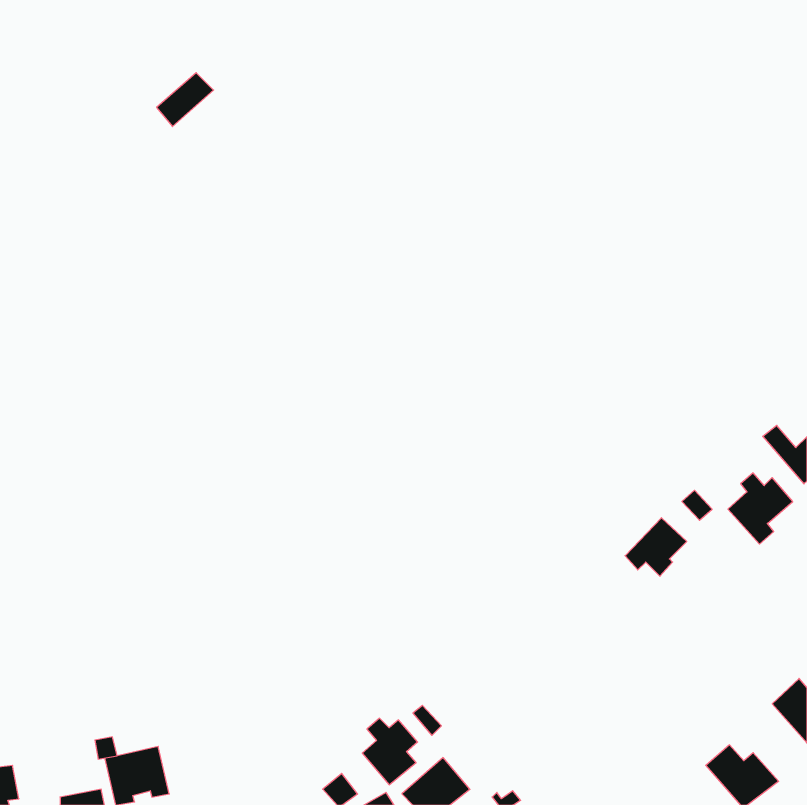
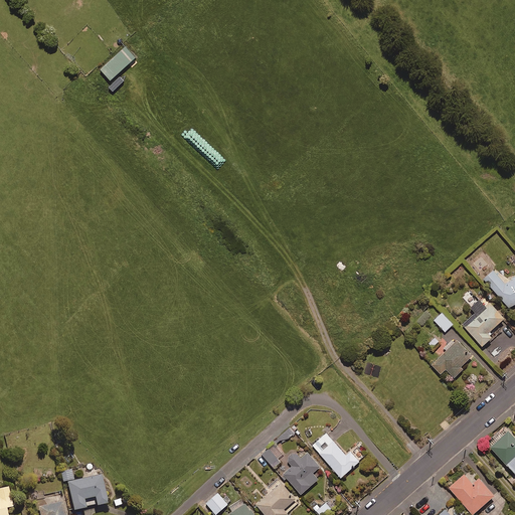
building: [625,518,687,576] -> [433,341,472,378]
building: none -> [312,432,359,478]
building: [362,718,418,785] -> [284,452,319,494]

